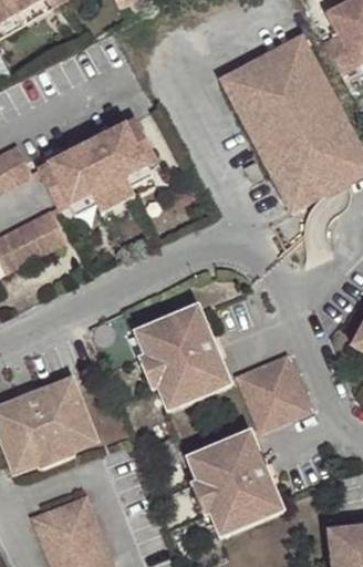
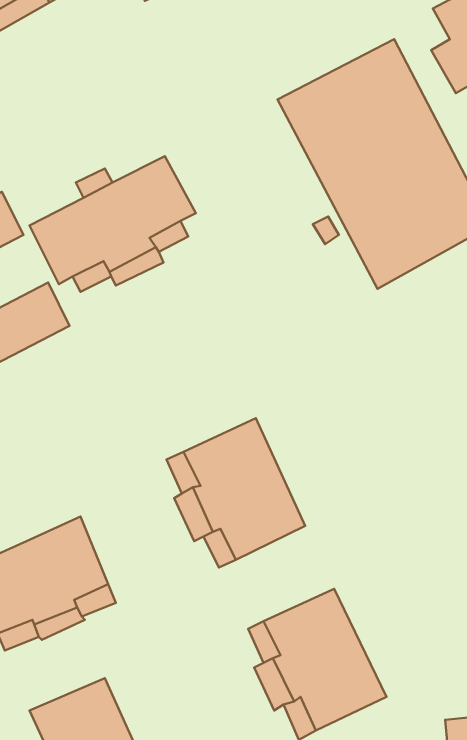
building: [238,352,315,433] -> none

